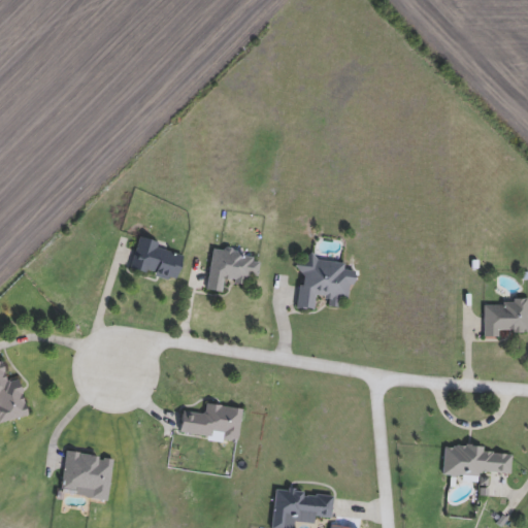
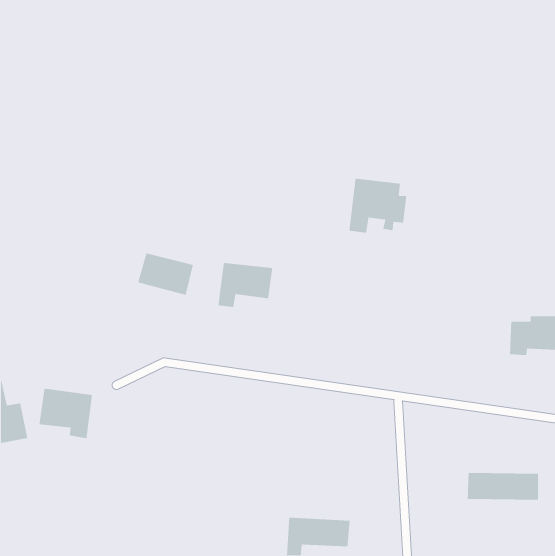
building: [297,257,353,309] -> [348,178,407,233]
building: [180,404,242,439] -> none
building: [62,452,113,500] -> [38,388,93,439]

